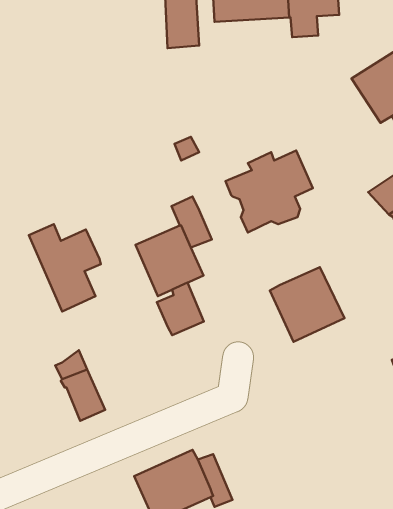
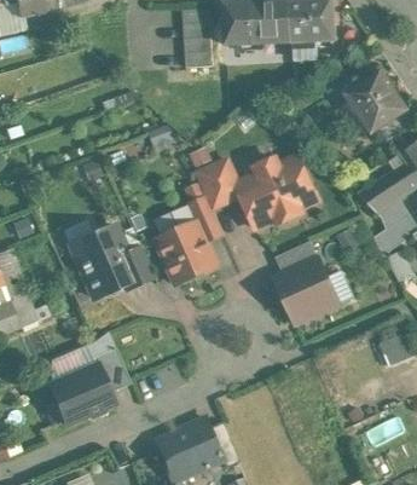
building: none -> [196,160,239,209]
building: none -> [274,241,317,275]
building: [157,283,204,335] -> [111,246,152,291]
building: none -> [47,364,112,425]

